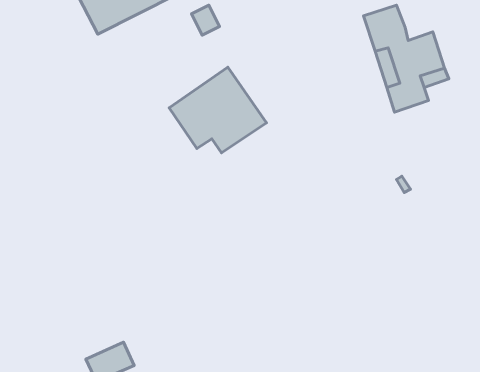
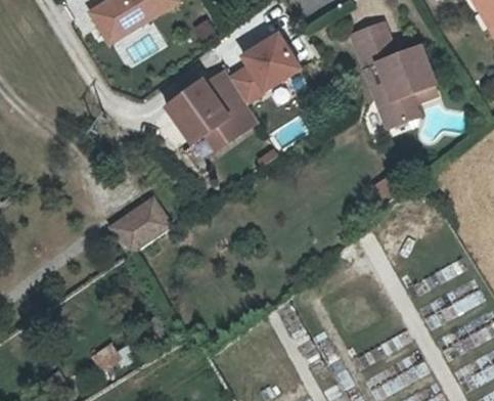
building: none -> [230,34,307,105]
building: none -> [110,198,169,253]

